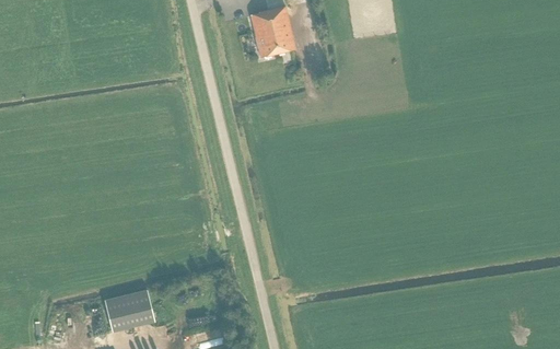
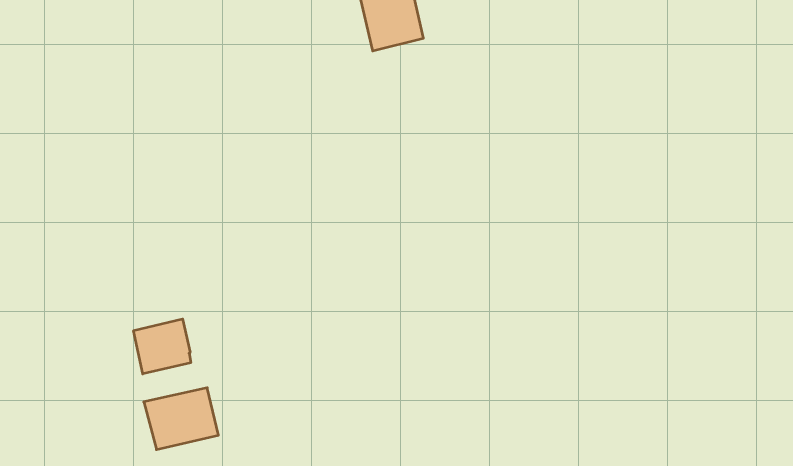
building: none -> [134,319,191,374]

